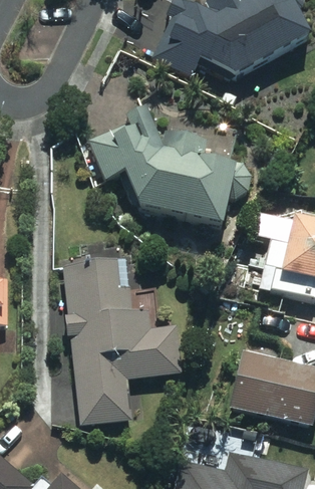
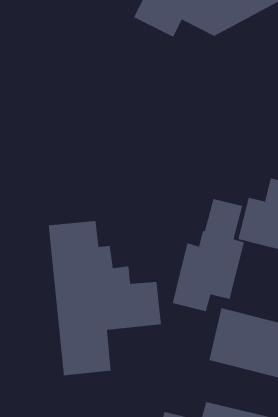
building: [88,111,252,223] -> none
building: none -> [172,198,245,312]

